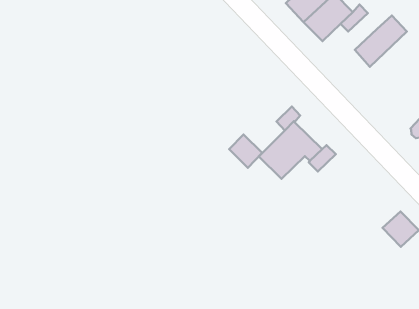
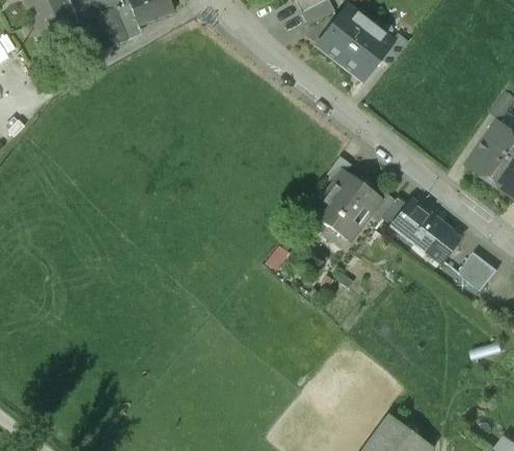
building: [355,15,407,67] -> none
building: [229,134,262,168] -> none
building: none -> [394,202,460,262]

